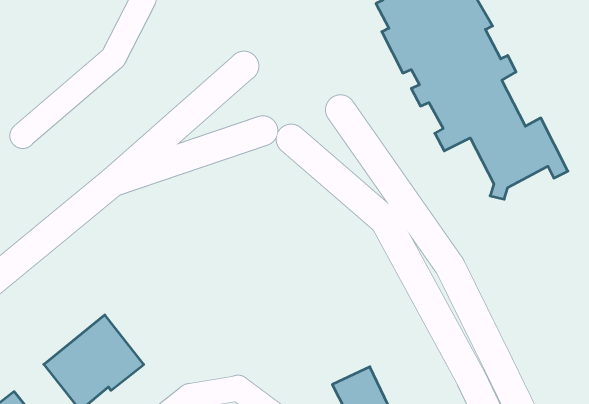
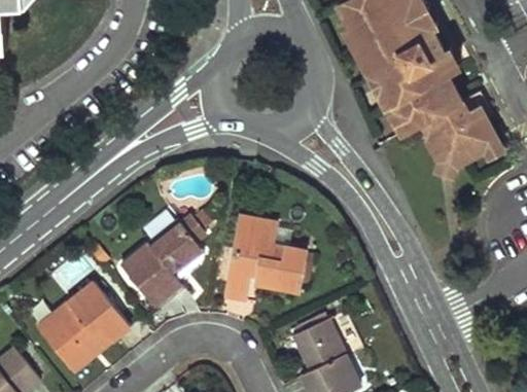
building: none -> [124,205,215,302]
building: none -> [225,220,302,299]

